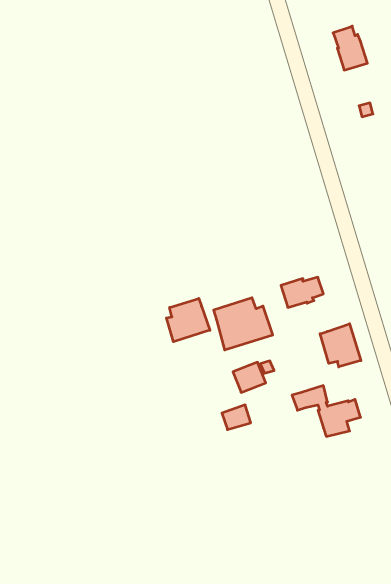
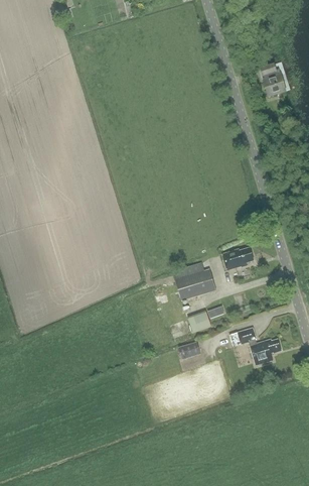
building: [166,298,210,342] -> none
building: [320,324,361,367] -> none

